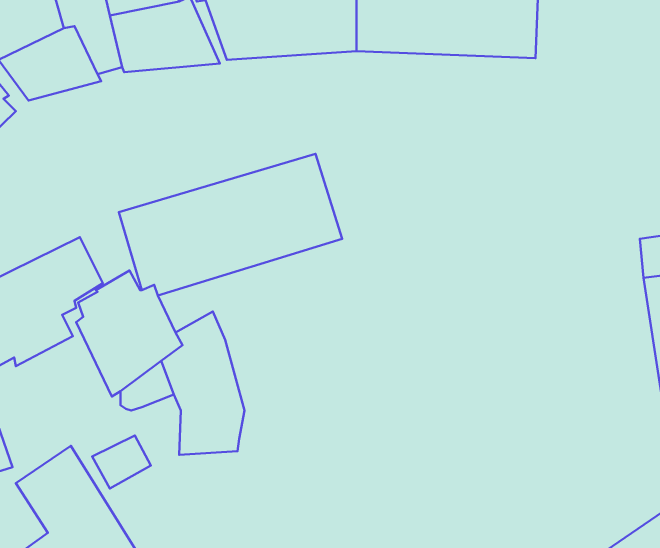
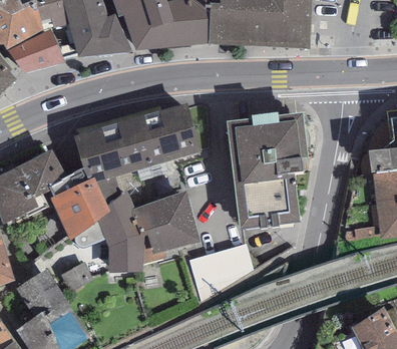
building: none -> [230,120,304,224]
building: none -> [134,191,200,264]
building: none -> [188,244,253,301]

